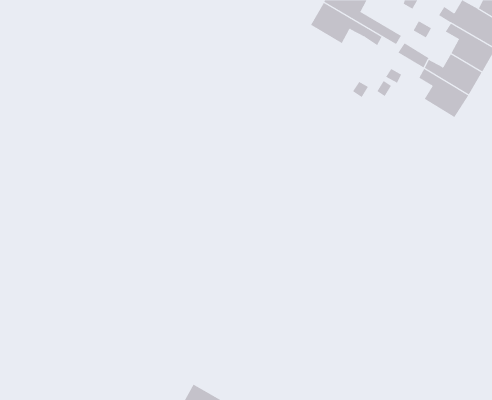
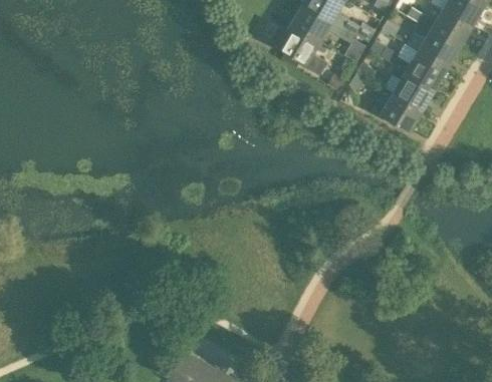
building: none -> [279,23,328,74]
building: none -> [371,90,423,128]

